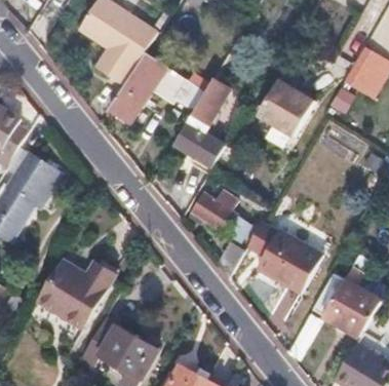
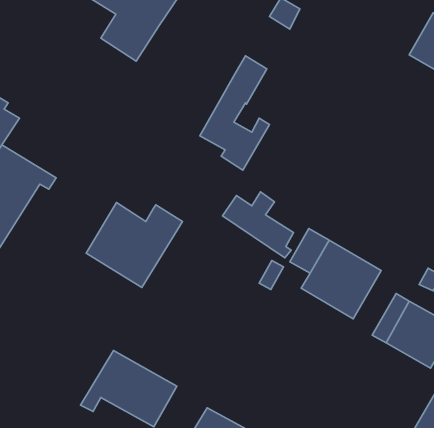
building: [108,56,200,123] -> none
building: [258,76,314,139] -> none
building: [36,260,114,329] -> [86,202,182,287]

